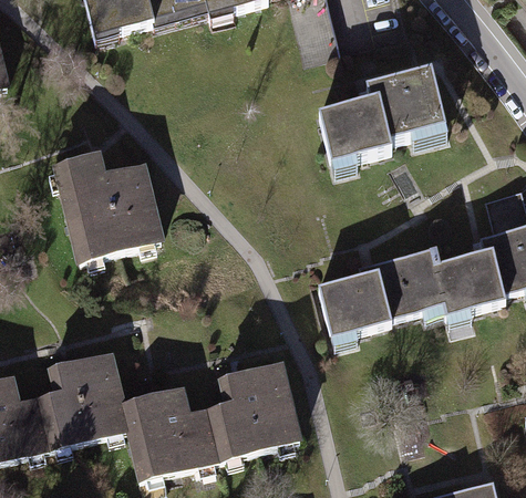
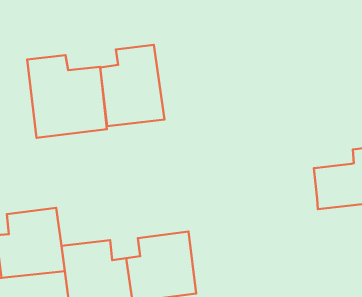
building: [319,69,448,163] -> none
building: none -> [100,45,164,126]
building: [318,247,443,335] -> none

